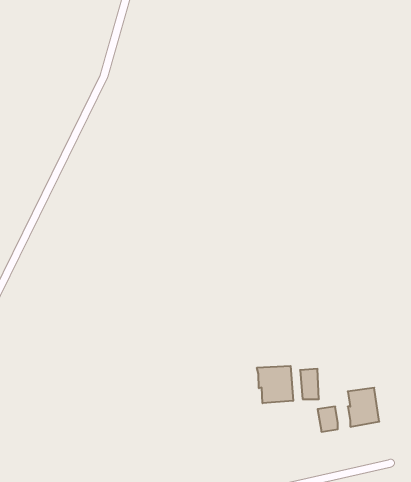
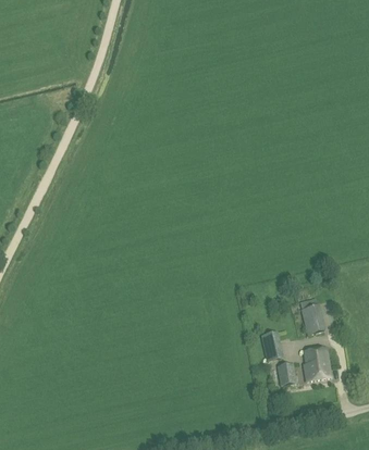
building: none -> [300,303,327,333]
building: [257,366,293,403] -> none

